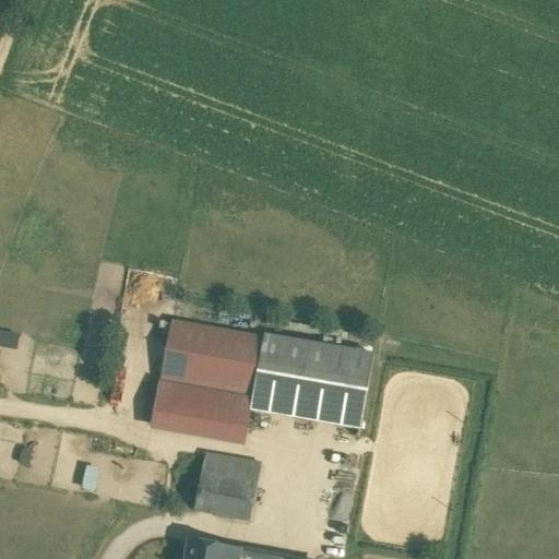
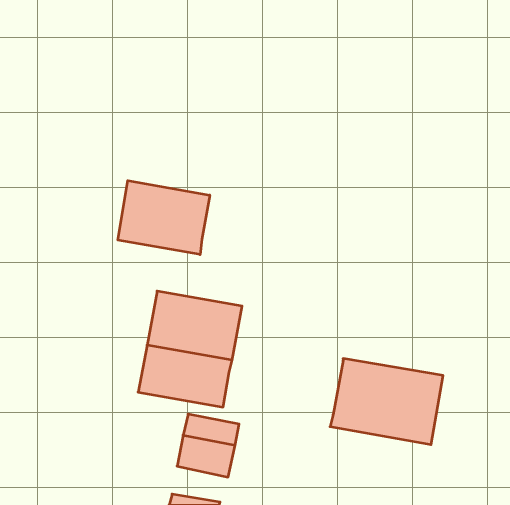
building: none -> [118,181,210,255]
building: [250,332,373,426] -> [330,359,443,445]

